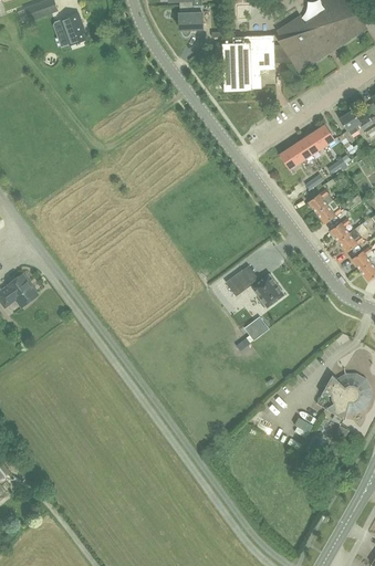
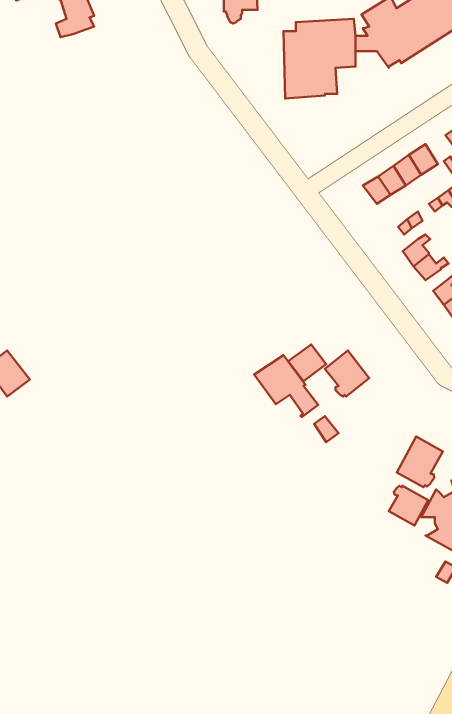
building: none -> [254,355,318,417]
building: none -> [397,437,443,487]
building: none -> [389,486,428,525]

